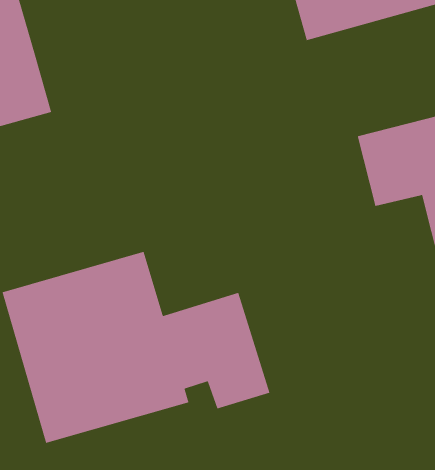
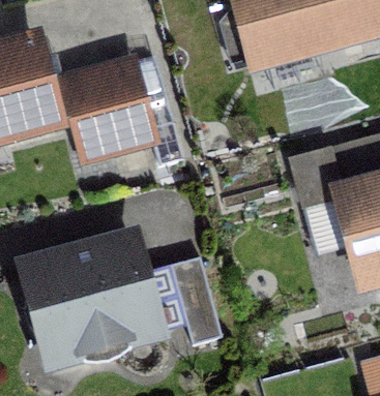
building: none -> [46,54,158,164]

